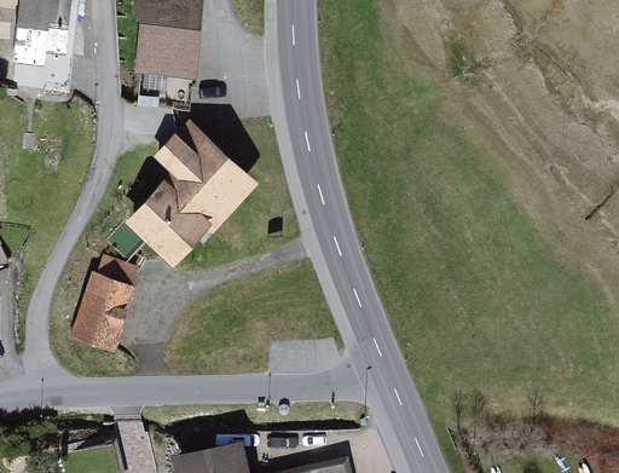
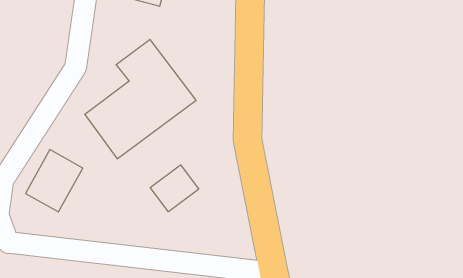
building: none -> [150,165,199,212]

